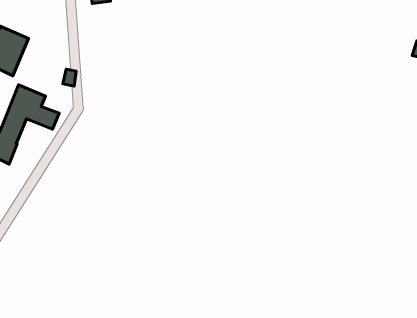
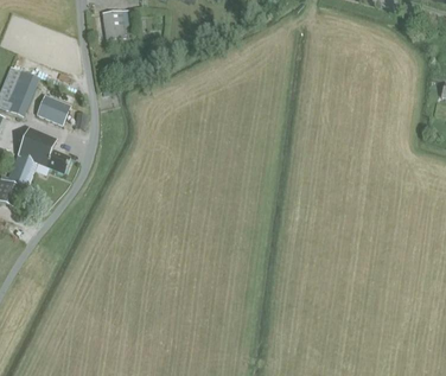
building: none -> [36,93,71,126]

